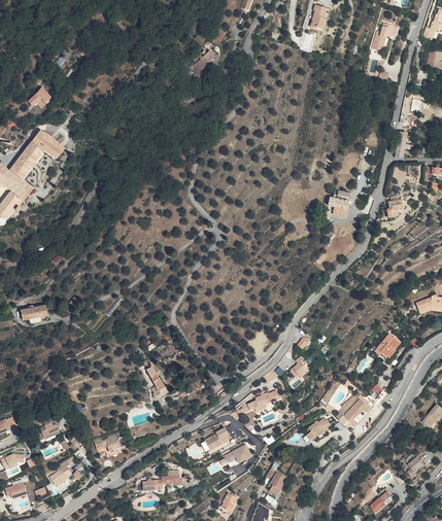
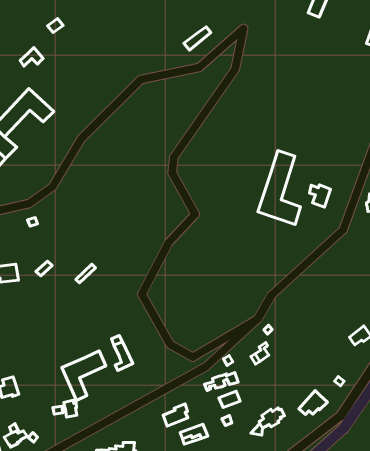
building: none -> [258,150,300,224]
building: none -> [62,351,106,401]

